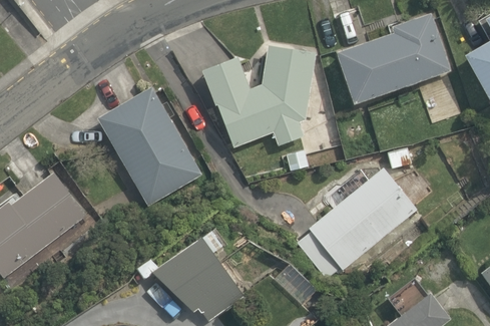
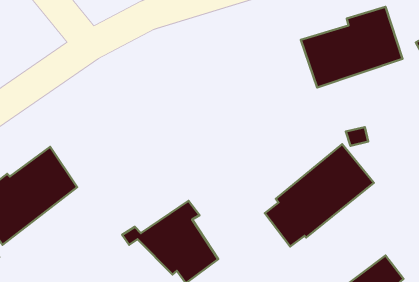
building: [203,44,317,147] -> none
building: [98,86,203,207] -> none

